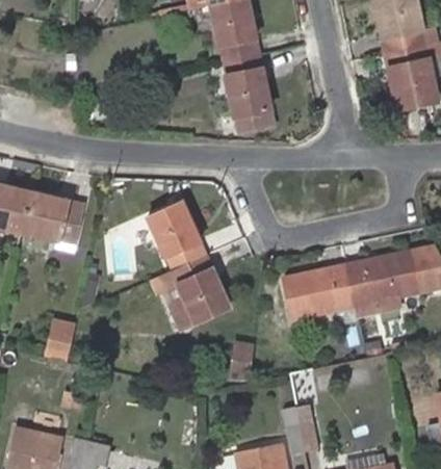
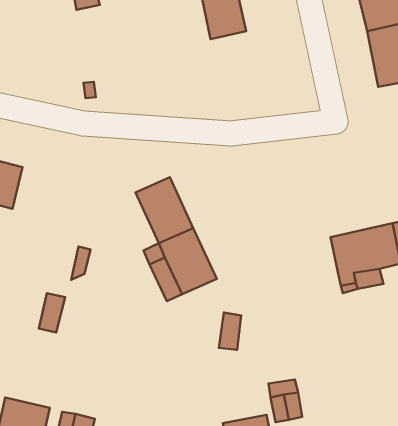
building: [224,52,275,132] -> none
building: [21,191,82,247] -> none
building: [285,263,355,317] -> none

